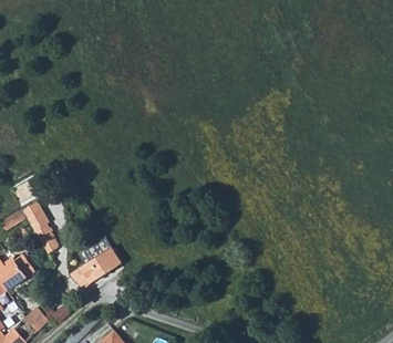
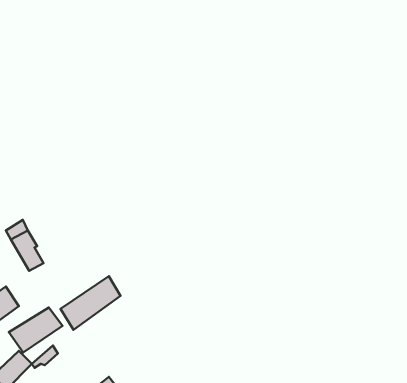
building: none -> [9,307,62,352]

